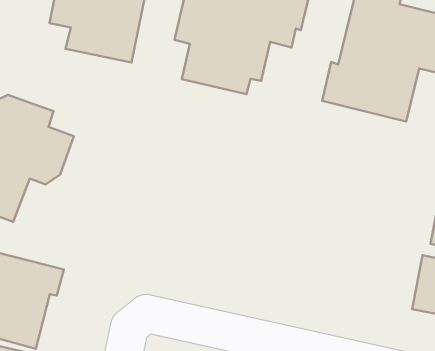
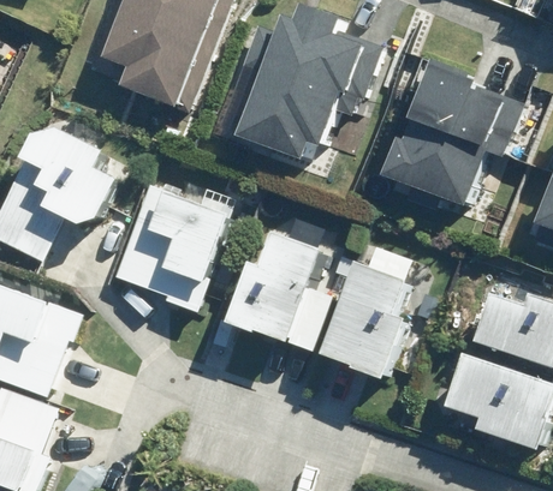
building: none -> [115,185,233,313]
building: none -> [225,226,333,351]
building: none -> [320,262,405,379]

